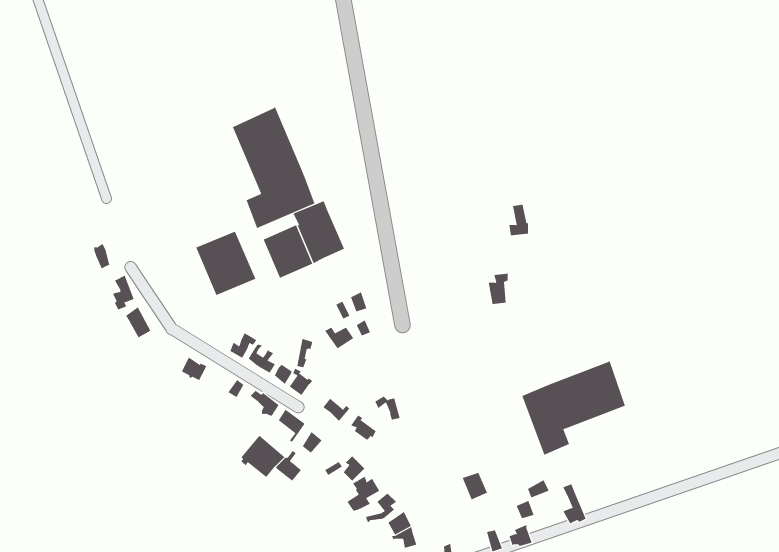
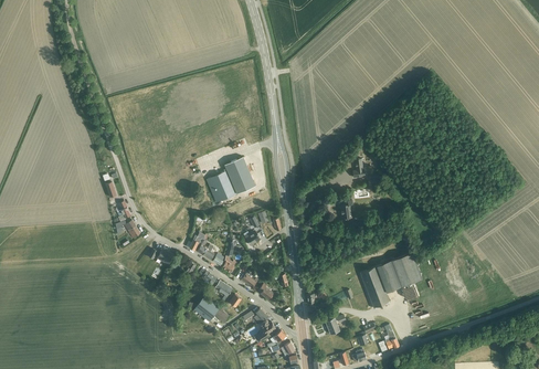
building: [231,106,315,229] -> none
building: [195,231,256,296] -> none

